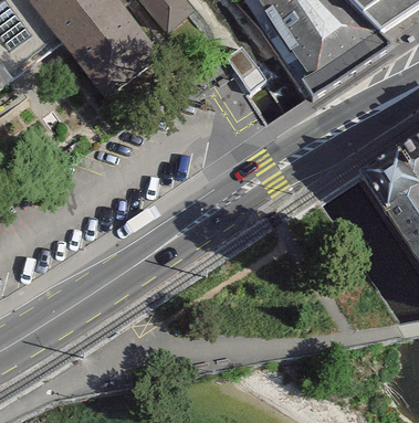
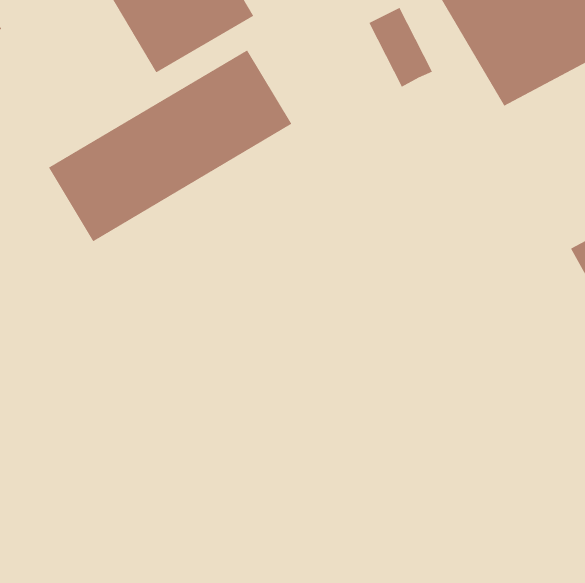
building: none -> [48,49,292,242]

